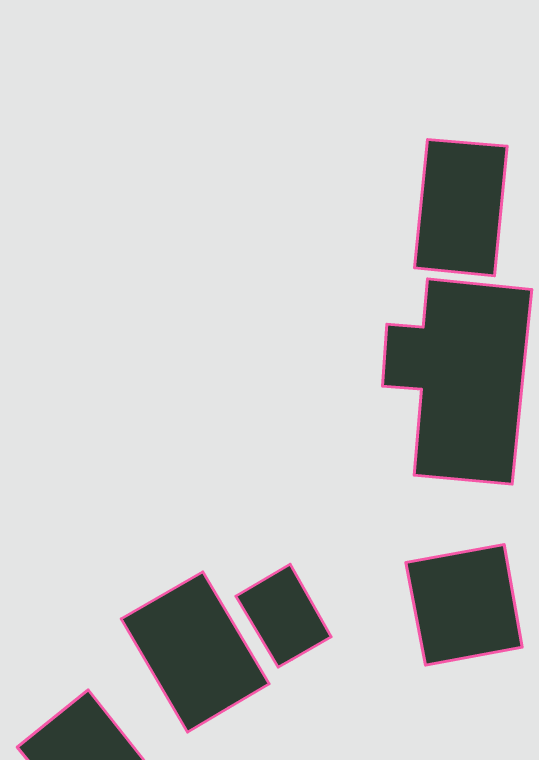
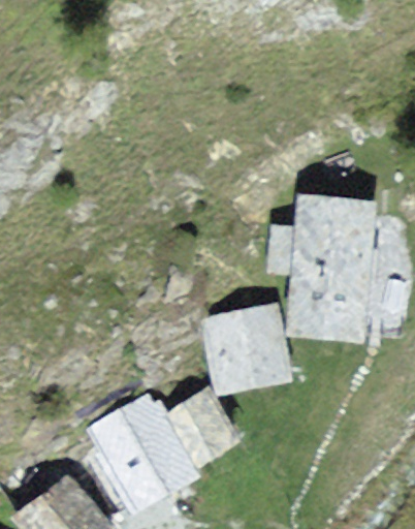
building: [415,139,507,276] -> none
building: [406,544,522,665] -> [206,307,286,390]

